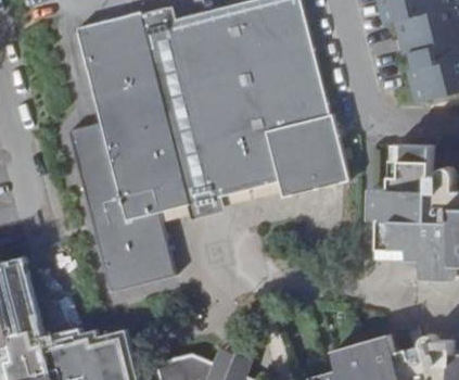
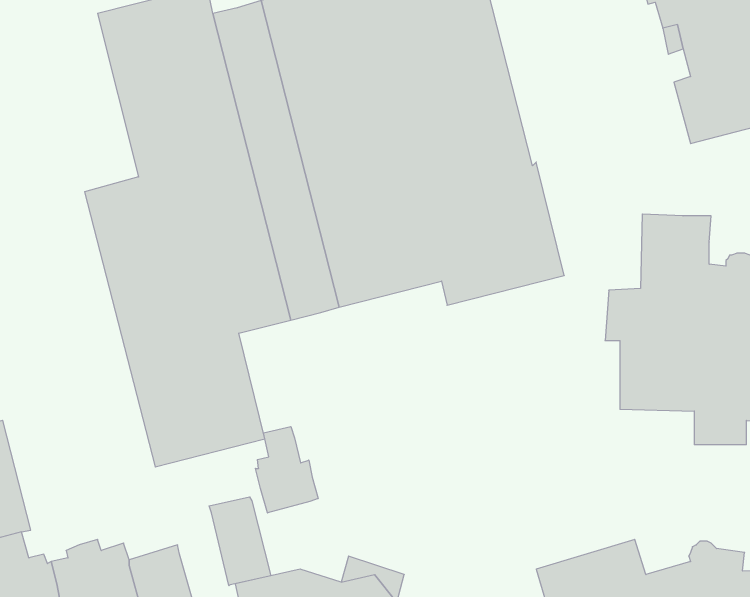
building: none -> [255,427,318,513]
building: none -> [209,497,271,586]

